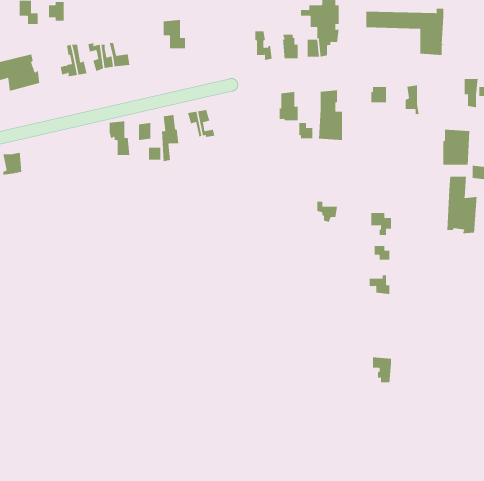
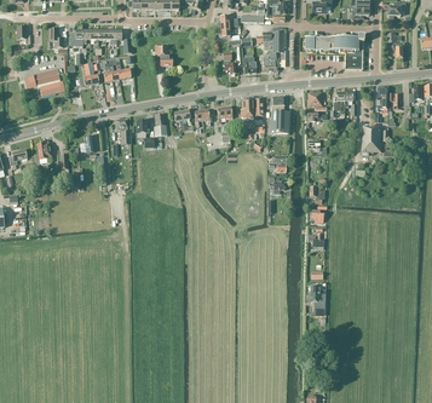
building: [447,176,477,234] -> none

